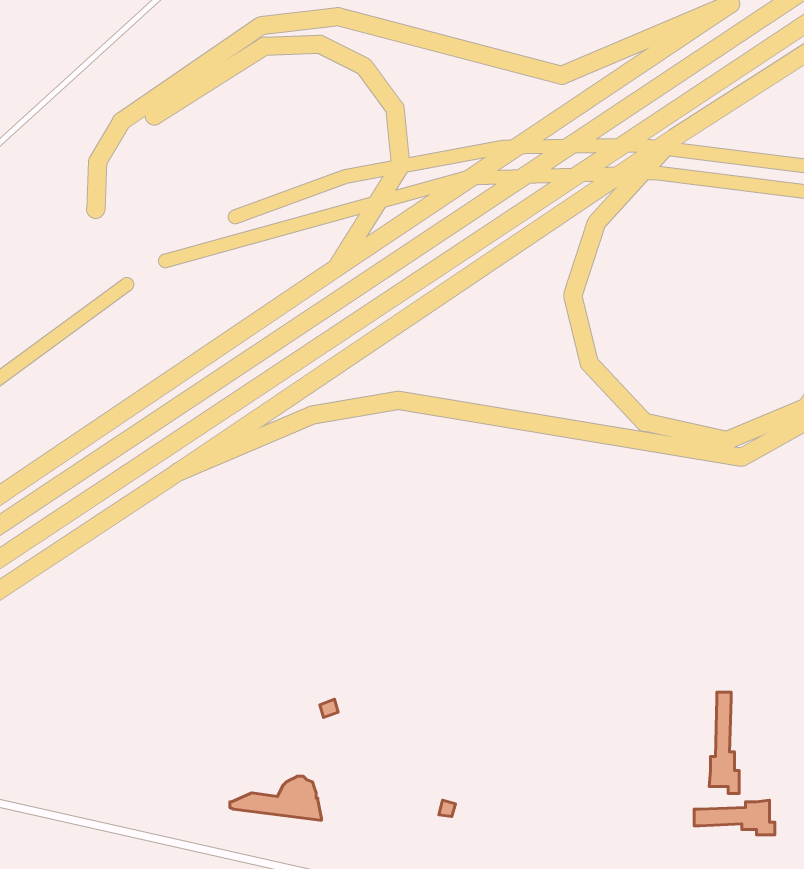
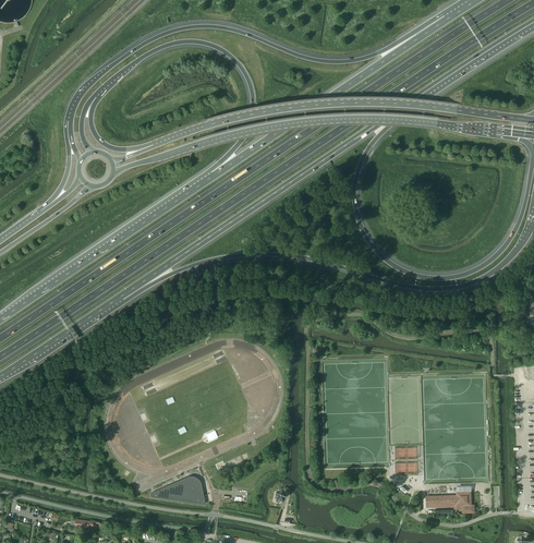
building: [709,692,739,794] -> none

